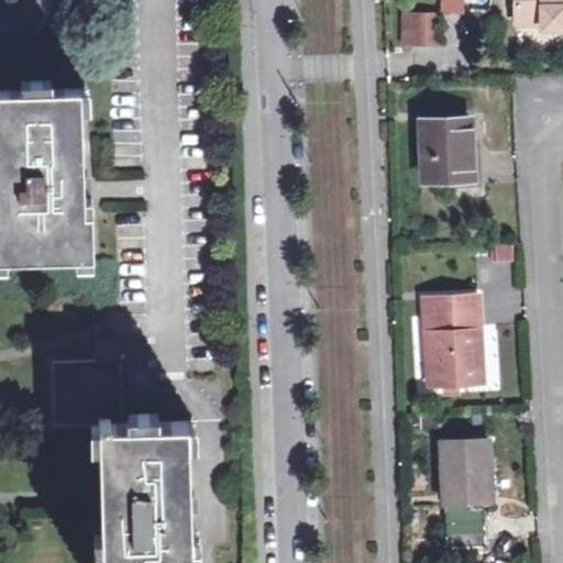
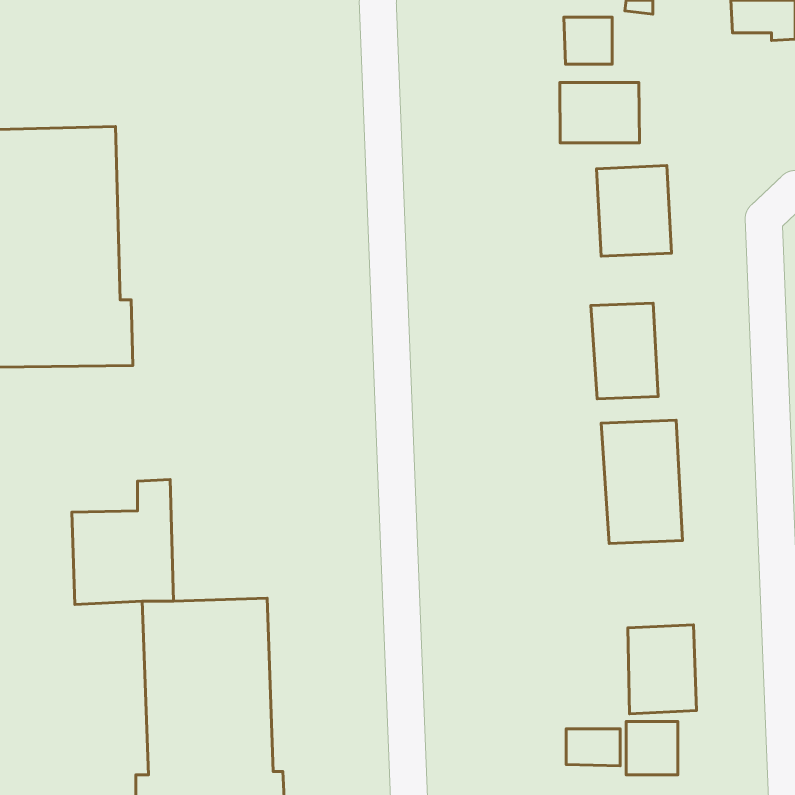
building: none -> [560,83,639,143]
building: none -> [591,303,658,399]
building: none -> [566,729,620,766]

